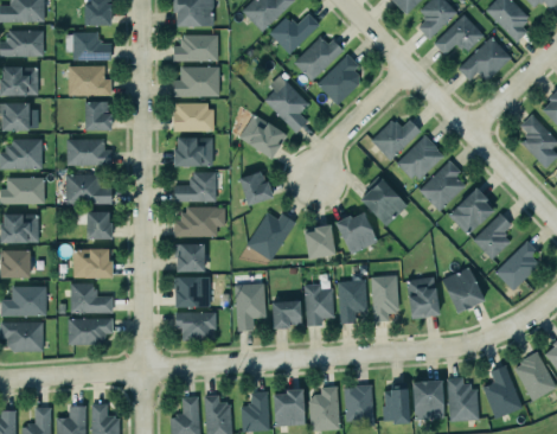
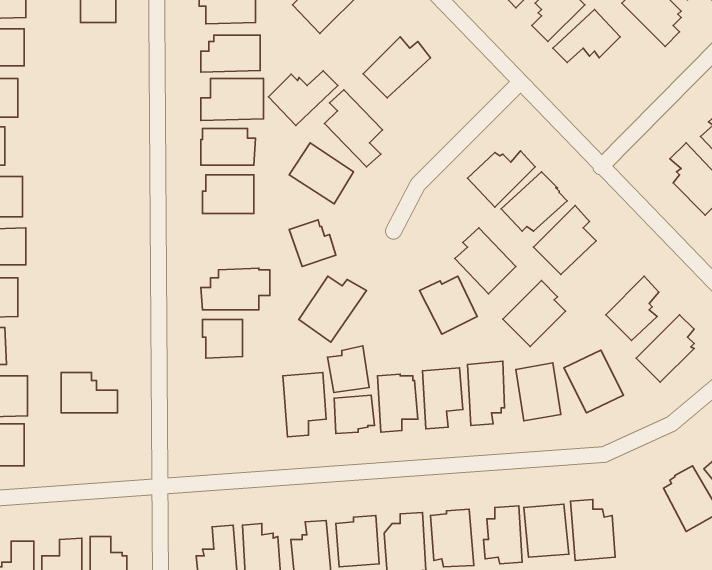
building: [269,14,320,55] -> [269,71,338,126]
building: [66,32,111,60] -> none
building: [459,37,511,82] -> none
building: [316,55,359,106] -> none
building: [69,66,111,96] -> none
building: [85,101,113,129] -> none
building: [68,139,113,165] -> none
building: [174,172,216,202] -> none
building: [66,174,113,204] -> none
building: [448,187,494,236] -> [503,281,566,346]
building: [88,212,113,238] -> none
building: [305,224,335,259] -> [327,346,369,392]
building: [73,249,114,277] -> none
building: [175,276,211,307] -> none
building: [177,312,217,340] -> none
building: [69,318,113,344] -> none
building: [482,365,523,419] -> none

